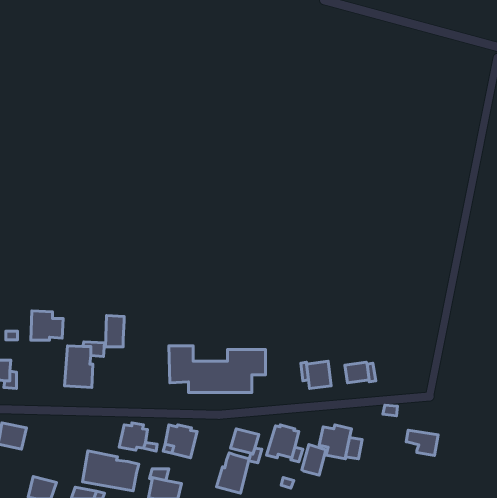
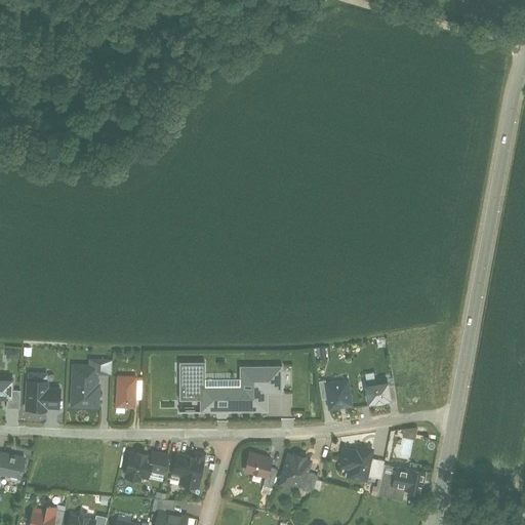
building: [31,311,63,340] -> [25,380,58,411]
building: [106,316,124,347] -> [114,375,133,408]
building: [406,430,438,455] -> [390,469,423,495]
building: [302,444,326,475] -> none
building: [82,451,139,491] -> none
building: [217,453,249,493] -> none

